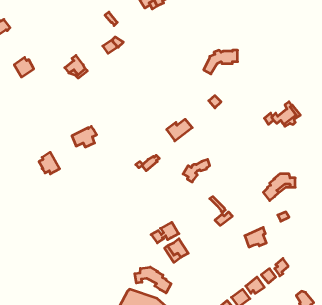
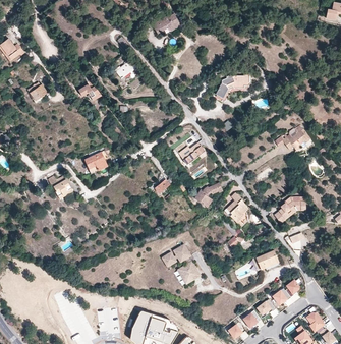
building: none -> [226,193,247,226]
building: [135,267,171,293] -> none

